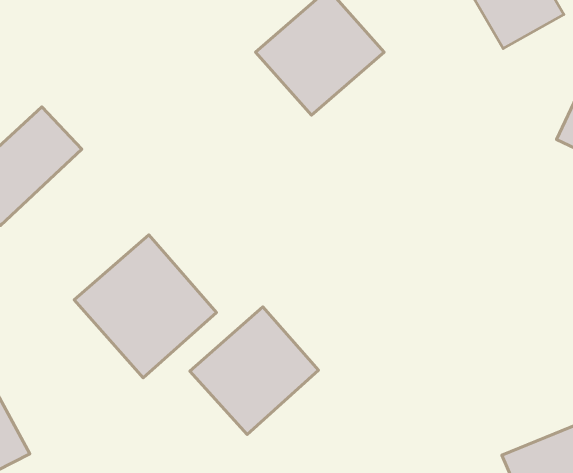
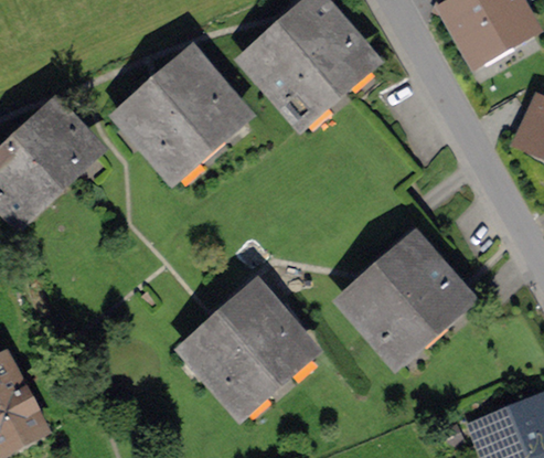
building: none -> [124,54,241,169]
building: [74,235,217,378] -> none
building: none -> [348,239,465,355]

